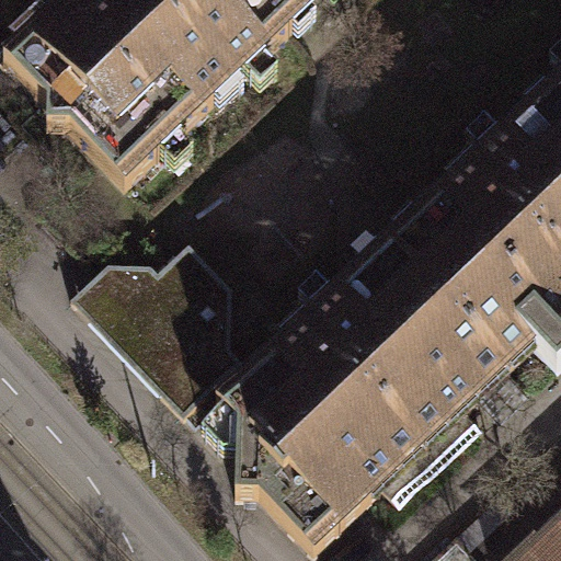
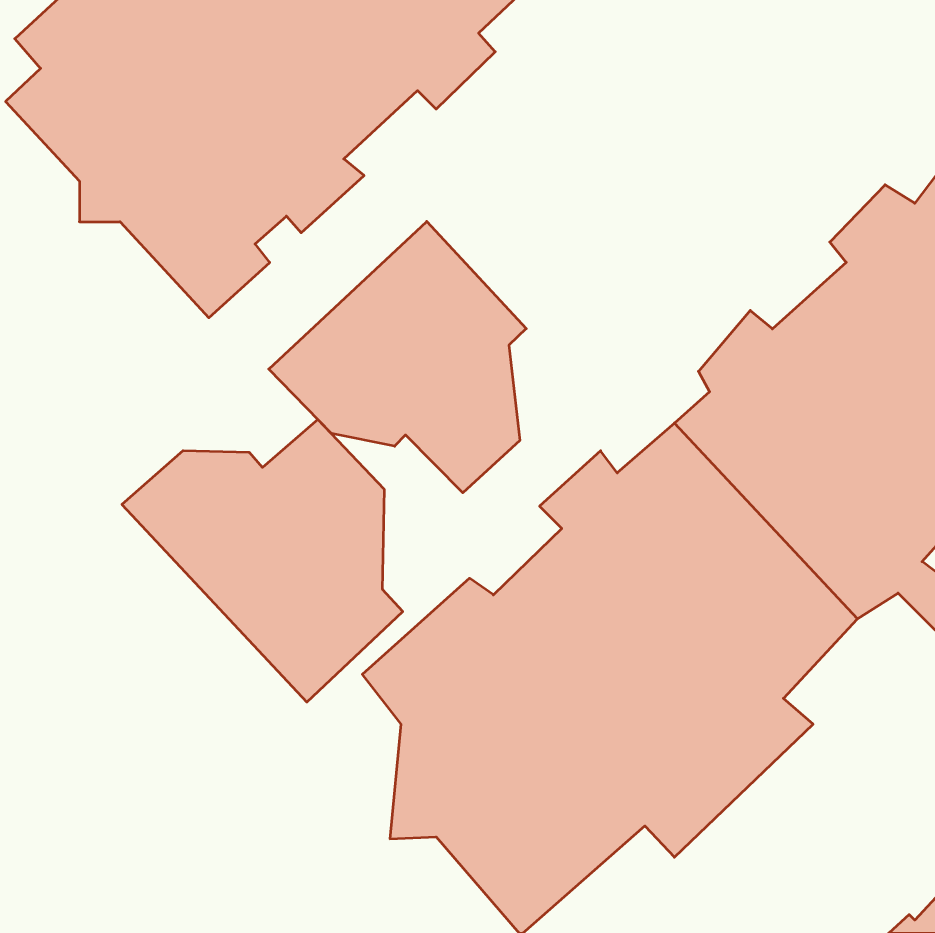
building: none -> [269,221,526,493]

